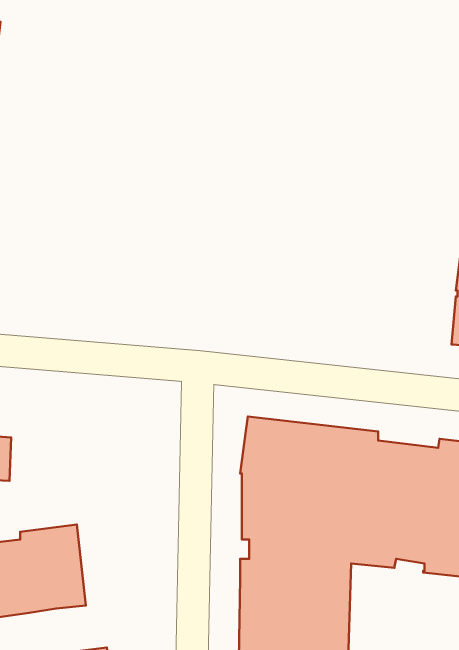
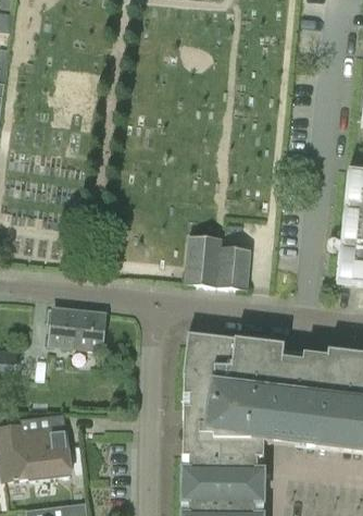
building: none -> [186,235,250,291]
building: none -> [50,308,104,349]

